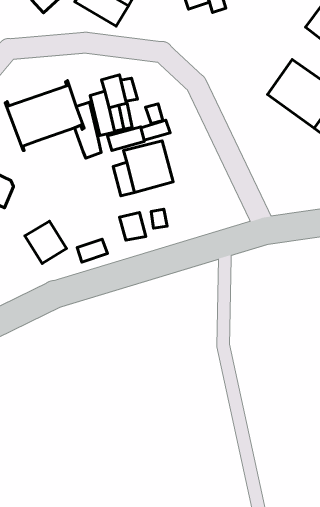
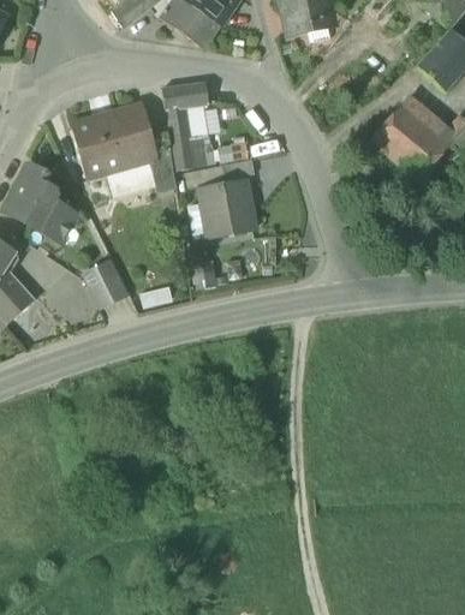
building: none -> [163,82,205,121]
building: none -> [106,156,156,195]

